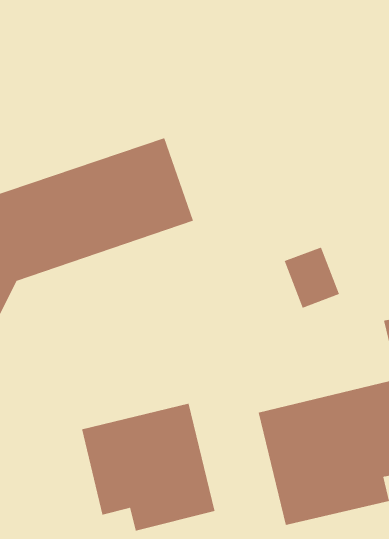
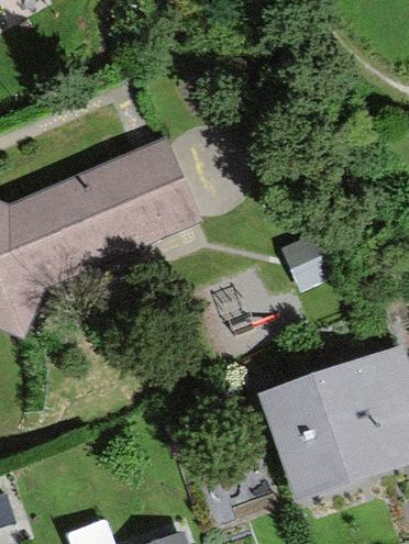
building: [81,403,215,531] -> none

